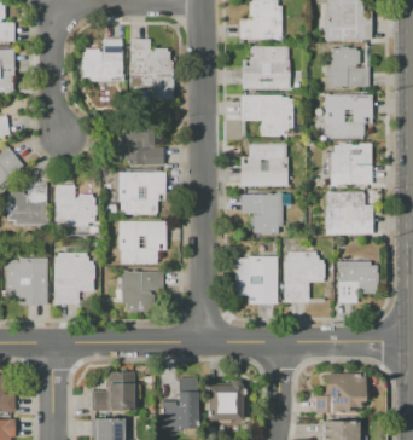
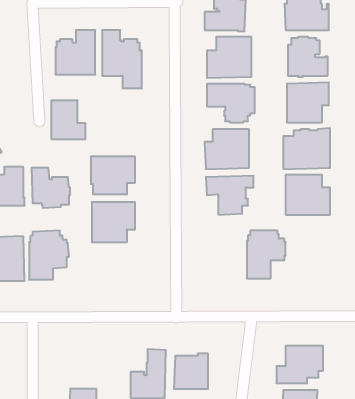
building: [126,123,162,164] -> [51,100,86,139]
building: [235,257,277,303] -> none
building: [336,261,378,303] -> none
building: [121,272,163,311] -> none
building: [91,372,134,411] -> none

